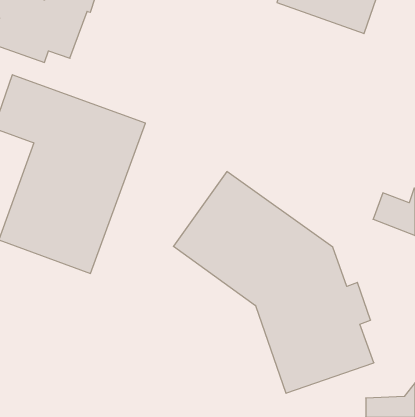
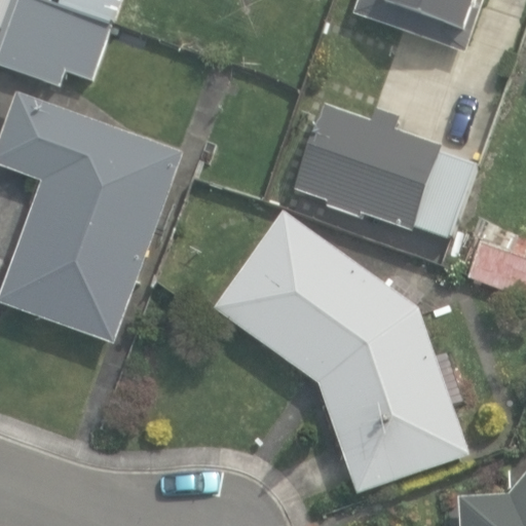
building: none -> [294,106,474,238]

